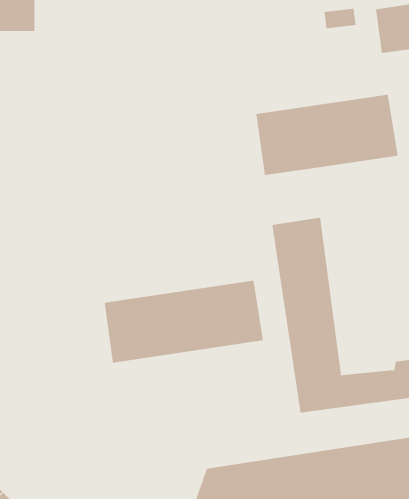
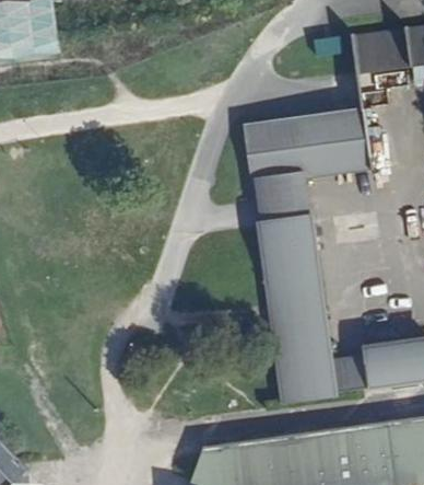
building: none -> [252,180,303,230]
building: [104,280,263,363] -> none

